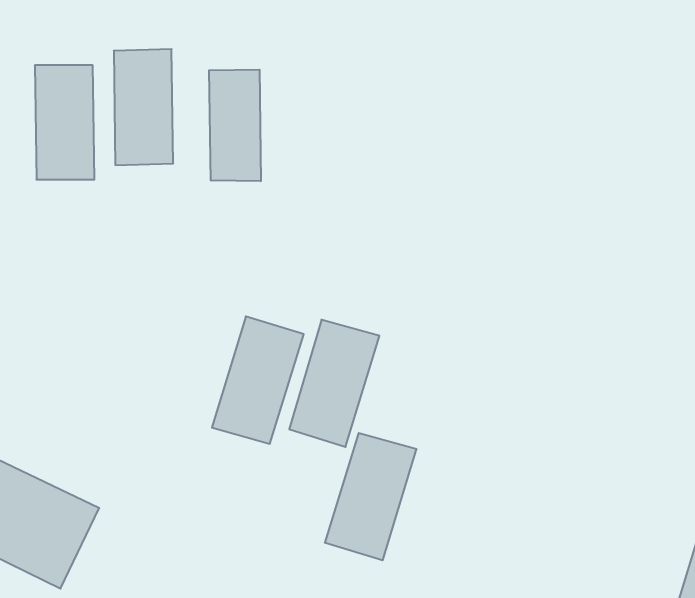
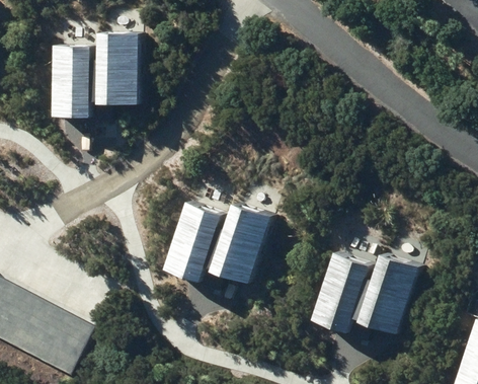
building: [209,70,261,181] -> none
building: none -> [360,254,416,334]
building: [325,433,417,560] -> [311,252,369,332]

